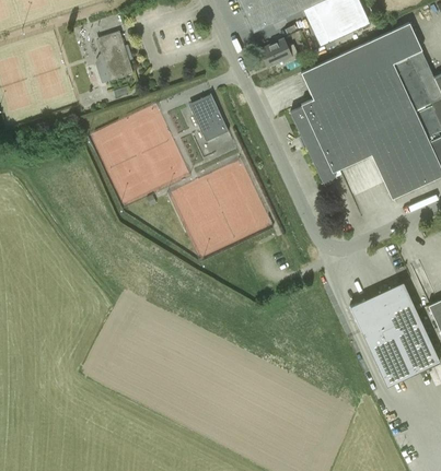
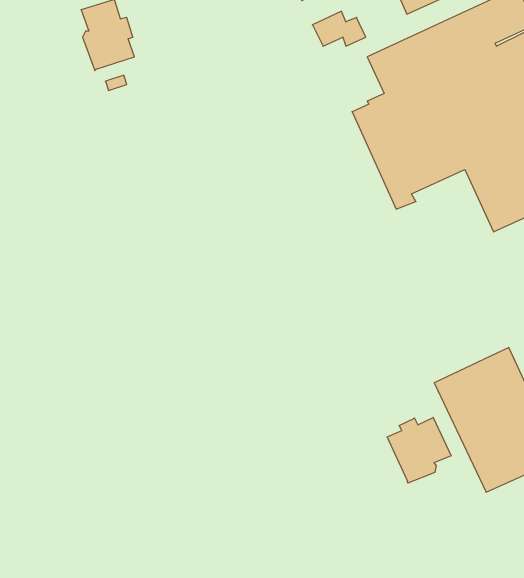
building: [192,93,229,141] -> none
building: none -> [387,417,451,483]

